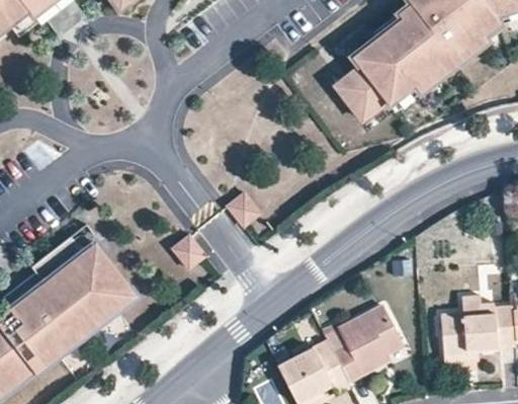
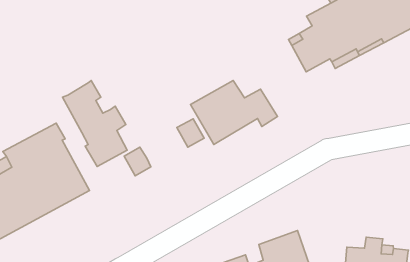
building: none -> [191,80,278,144]
building: none -> [62,81,127,166]

